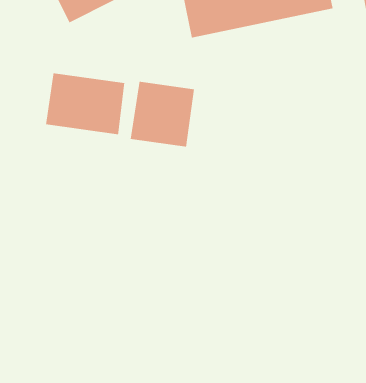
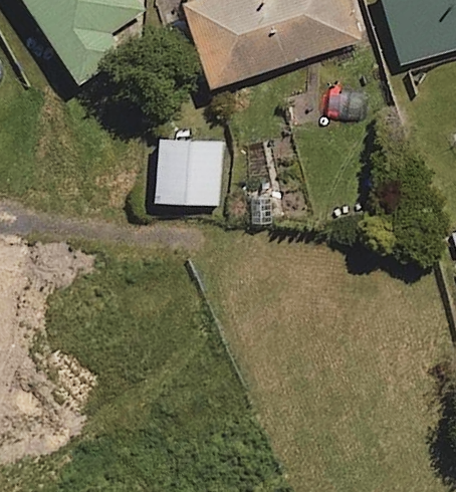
building: [46,72,125,135] -> none

